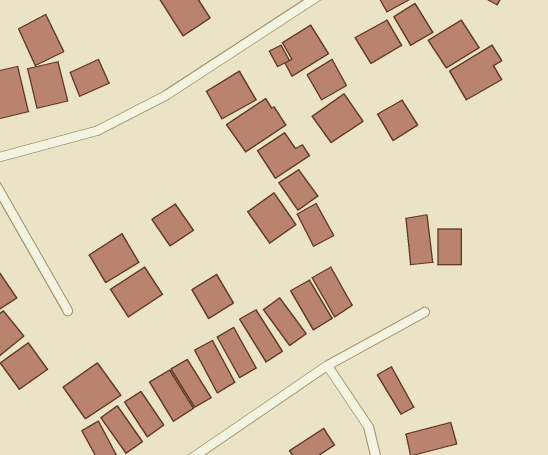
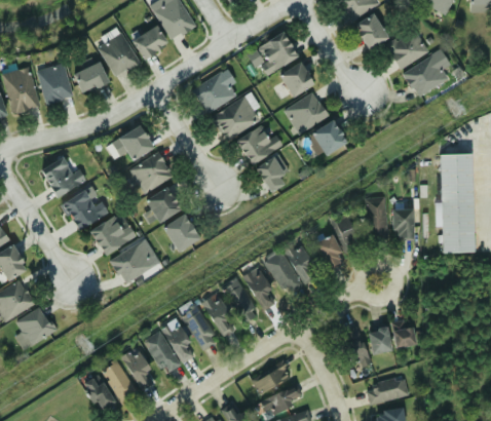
building: [19,15,64,66] -> [100,33,139,77]
building: none -> [133,26,168,59]
building: [355,20,402,63] -> none
building: [377,100,418,140] -> [312,120,347,155]
building: none -> [111,124,155,161]
building: none -> [130,153,173,193]
building: none -> [441,153,475,252]
building: none -> [42,157,86,197]
building: [248,193,296,243] -> none
building: [297,204,334,246] -> [314,233,346,270]
building: none -> [63,190,109,231]
building: none -> [334,217,360,250]
building: [192,274,233,318] -> [164,214,200,252]
building: [63,363,121,419] -> none
building: none -> [393,326,417,348]
building: none -> [368,327,393,354]
building: none -> [252,360,292,394]

